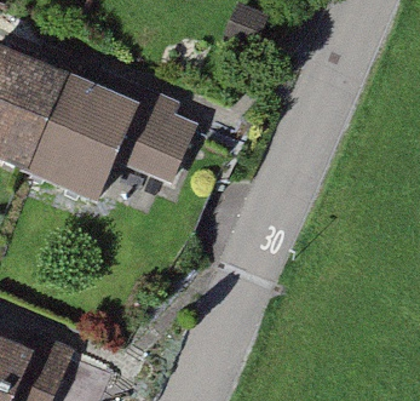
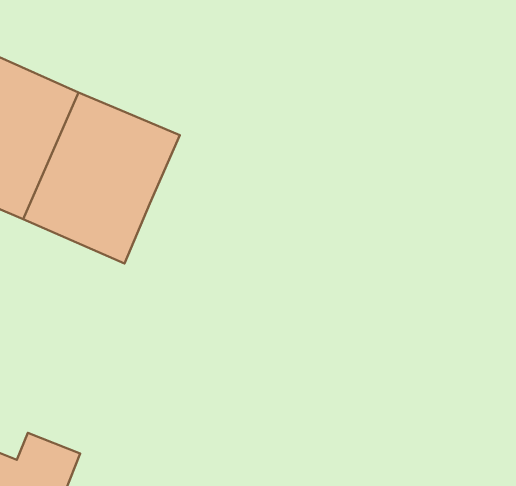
building: [94,64,197,179] -> none

